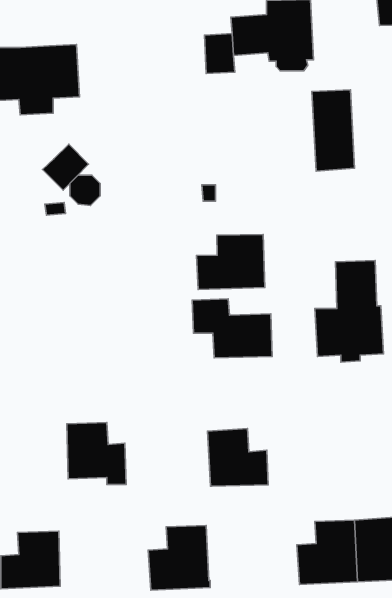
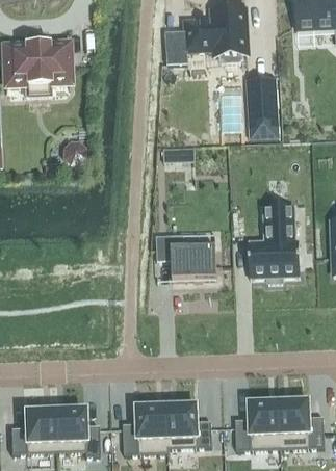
building: [42,144,89,190] -> none
building: [196,234,265,290] -> none
building: [67,423,126,484] -> [54,409,99,455]
building: [208,428,268,486] -> [165,403,211,447]

